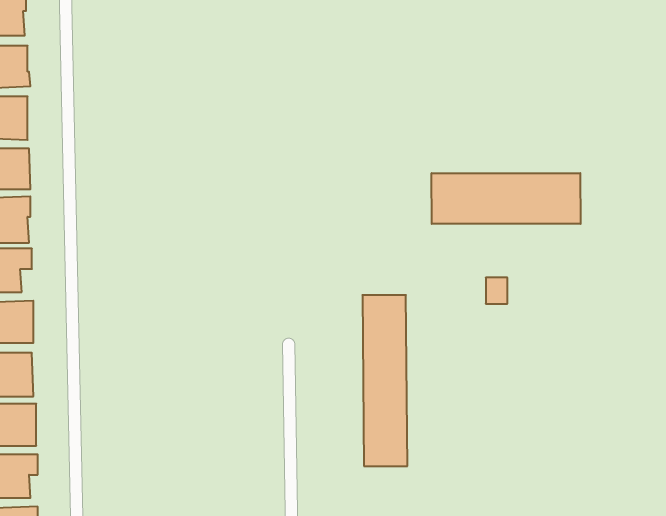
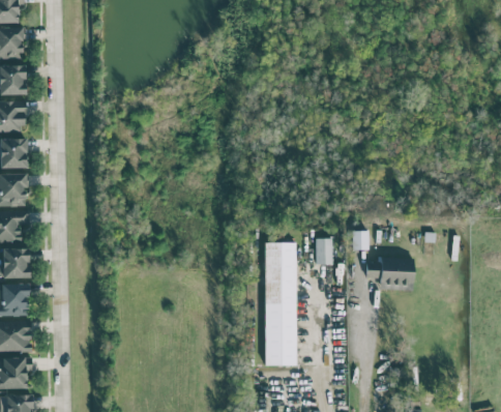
building: [432,173,581,224] -> none
building: none -> [316,238,332,264]
building: none -> [366,259,414,290]

